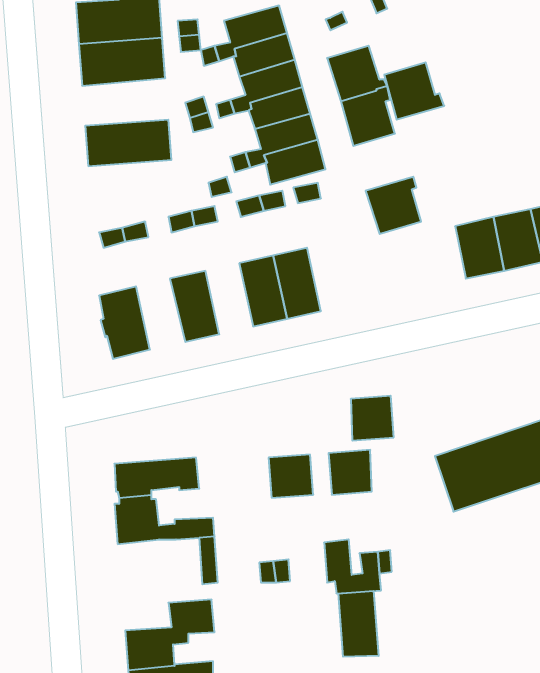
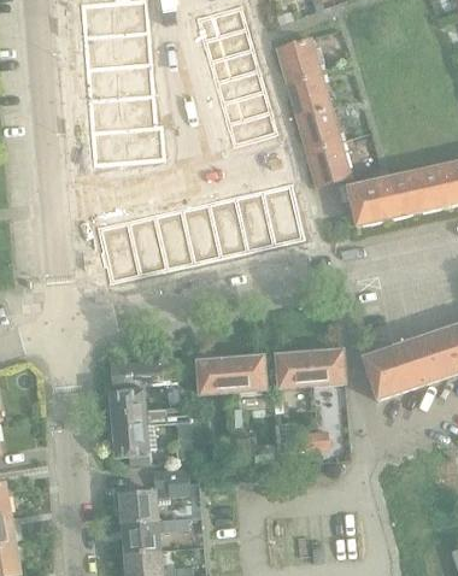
building: [384,62,444,120] -> [298,105,345,149]
building: none -> [86,61,153,99]
building: none -> [90,125,158,163]
building: none -> [340,177,386,225]
building: none -> [262,188,303,243]
building: none -> [182,206,219,261]
building: none -> [128,218,166,274]
building: [351,396,394,441] -> [311,349,345,384]
building: none -> [199,358,234,392]
building: none -> [113,422,155,463]
building: [339,591,379,657] -> none

